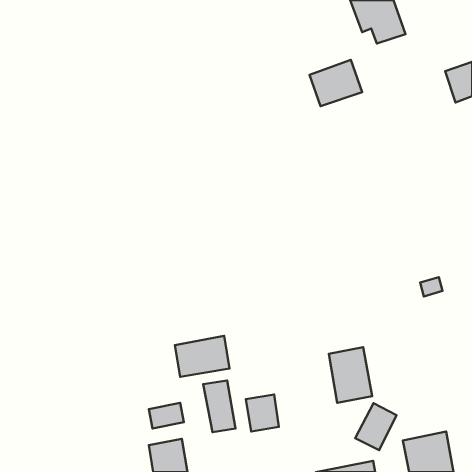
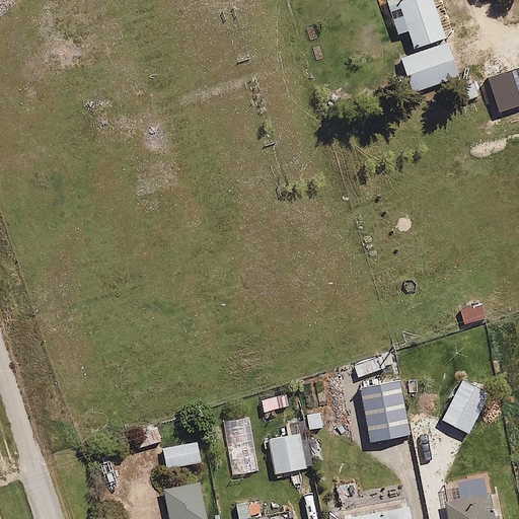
building: [309,60,362,106] -> [401,43,459,93]
building: [175,336,230,377] -> none
building: [355,403,397,450] -> [443,381,489,433]

